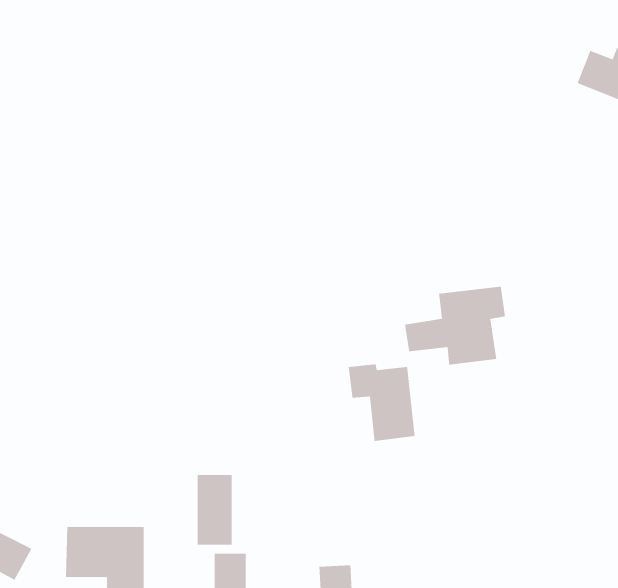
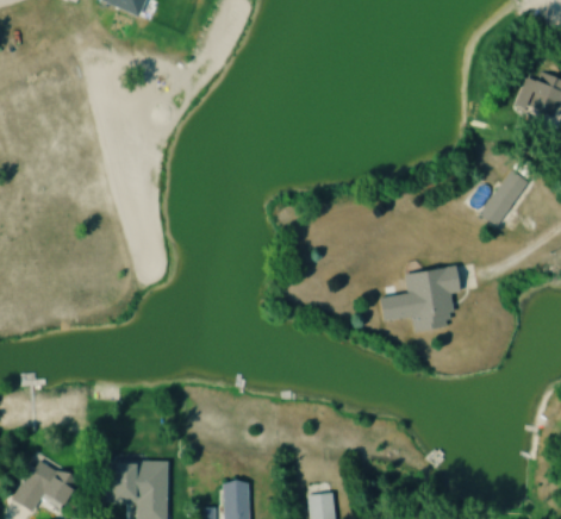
building: none -> [480,169,531,226]
building: [348,364,416,442] -> none
building: [197,474,232,546] -> none

